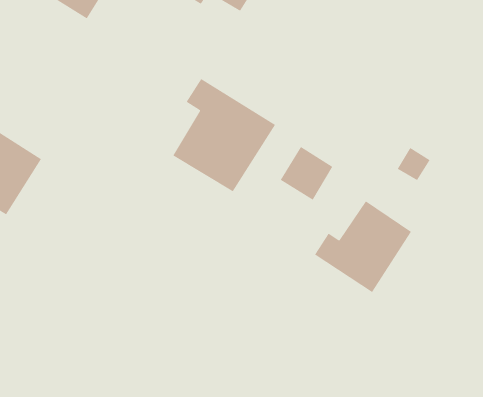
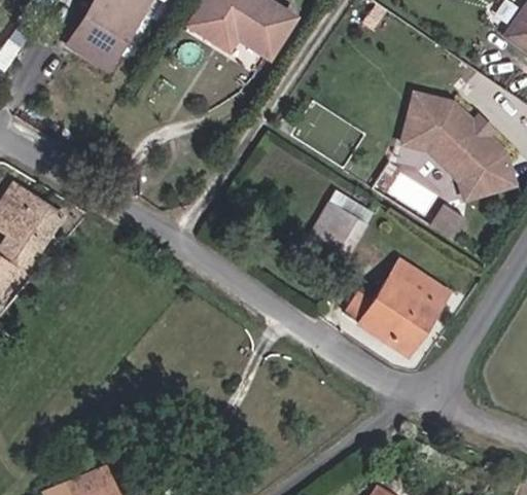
building: none -> [406,97,515,198]
building: [172,78,276,192] -> none

